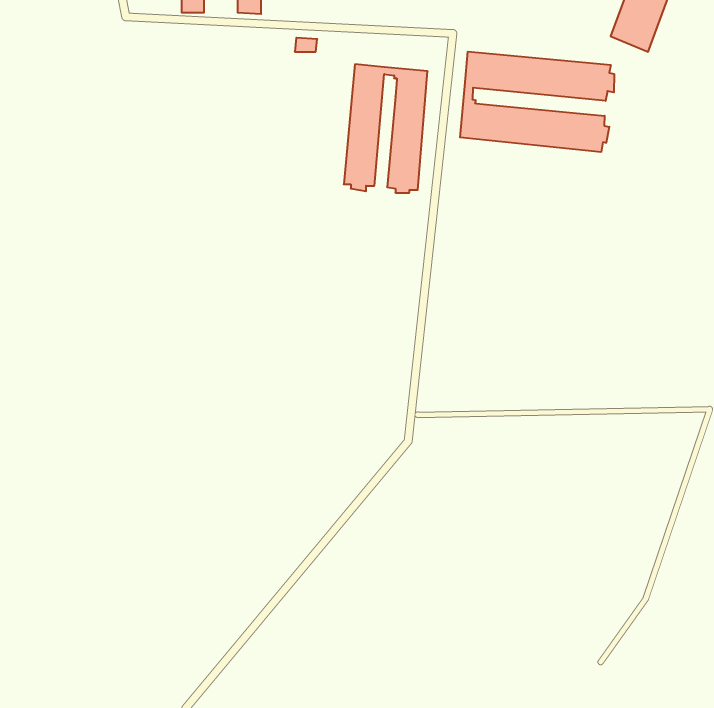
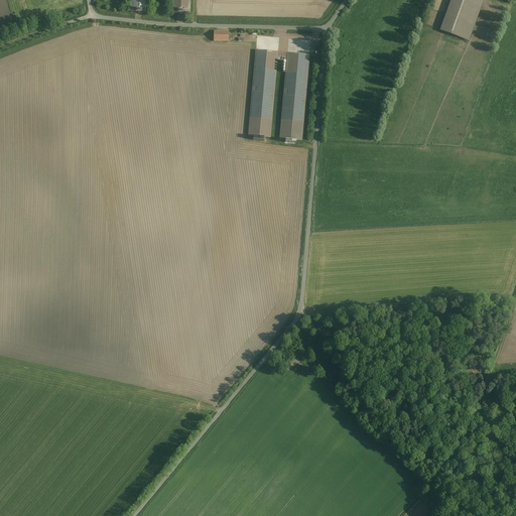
building: [460,52,614,152] -> none

